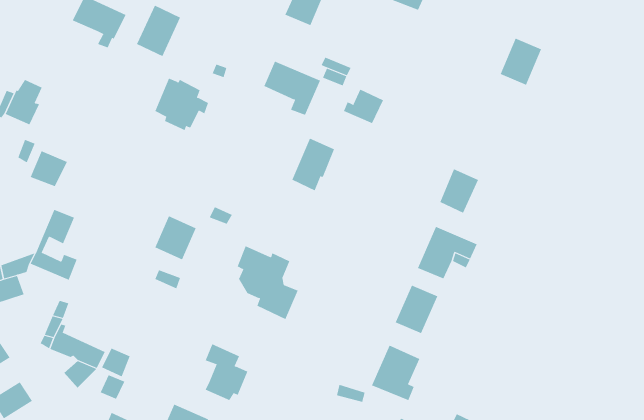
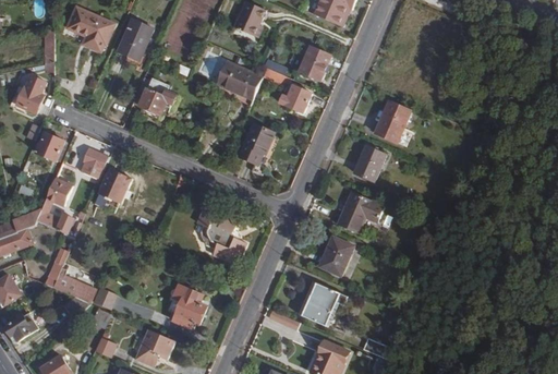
building: [500,38,542,85] -> [377,101,410,138]
building: none -> [299,46,330,80]
building: none -> [78,147,108,179]
building: [154,215,196,260] -> [97,168,130,203]

